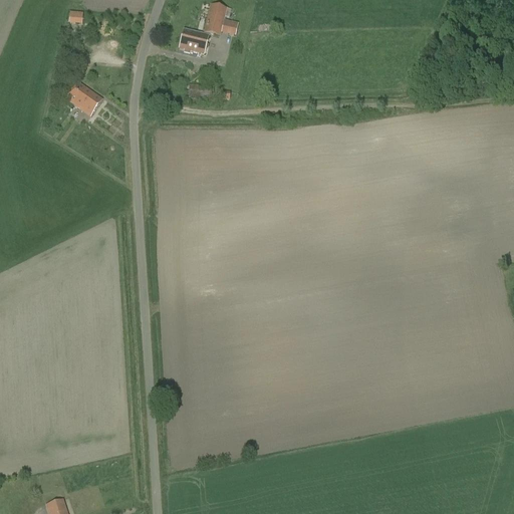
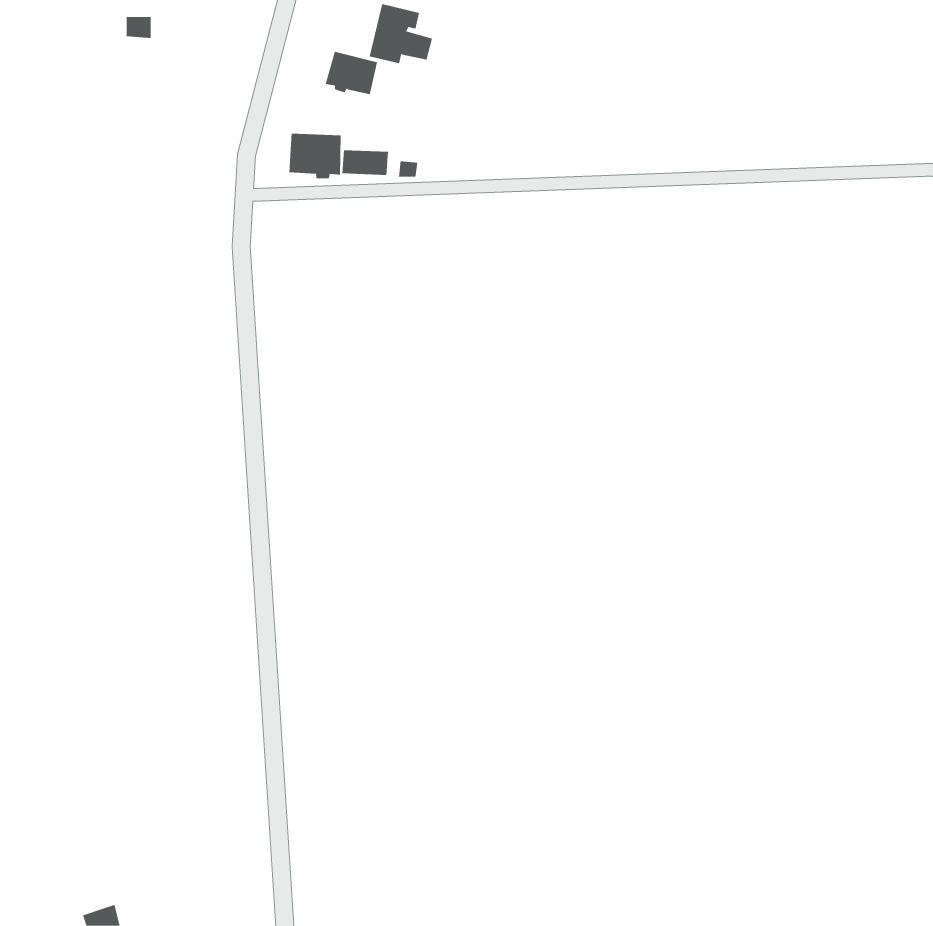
building: none -> [289,133,341,179]
building: [65,80,102,115] -> none

